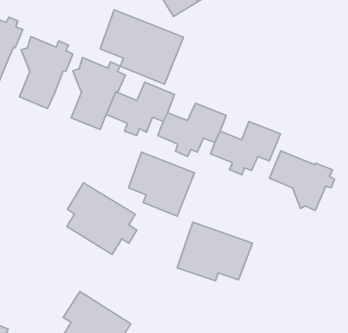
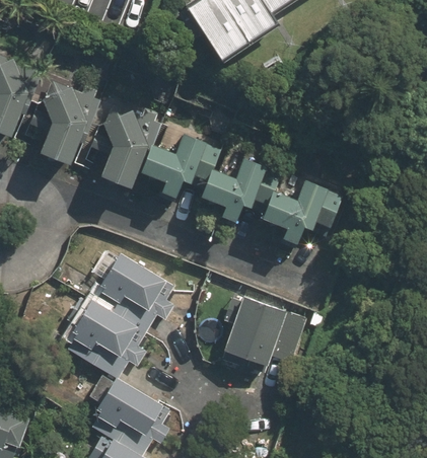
building: [100,10,183,84] -> none
building: [269,151,335,210] -> none
building: [128,152,194,216] -> none
building: none -> [67,297,147,381]

